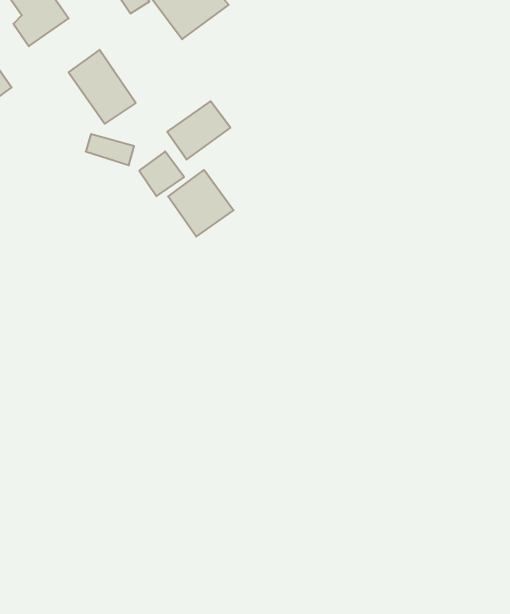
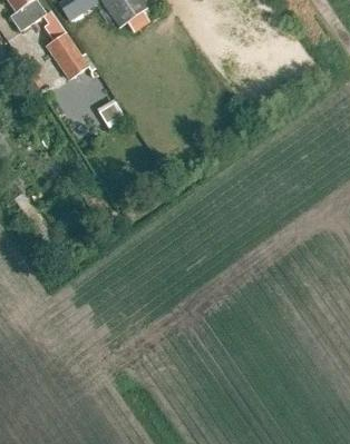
building: [167,101,230,160] -> none
building: [168,170,234,237] -> none

